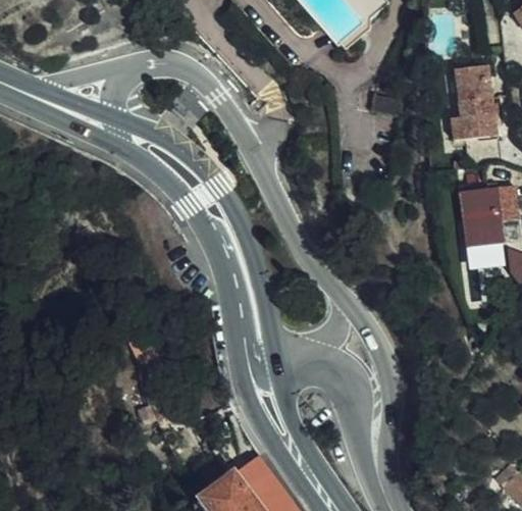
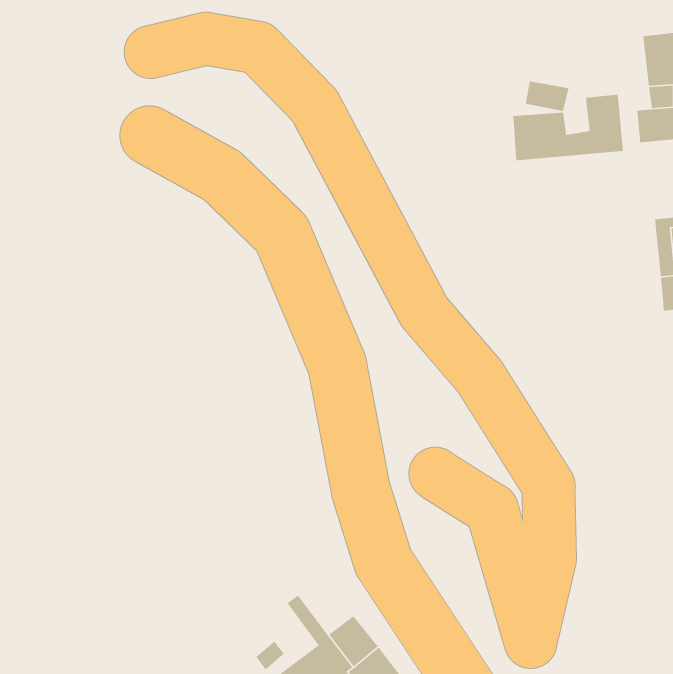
building: none -> [512,94,624,161]

